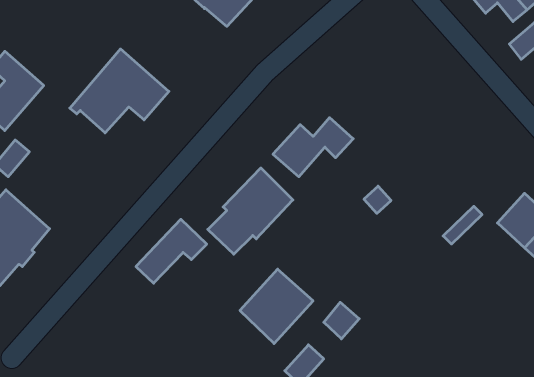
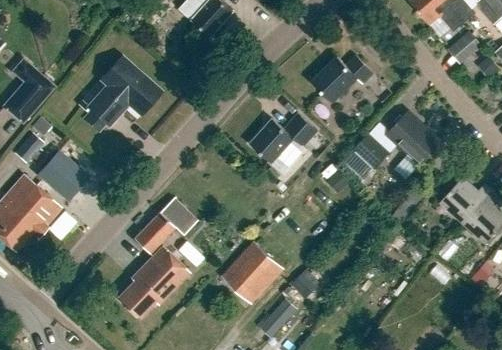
building: none -> [312,55,373,102]
building: none -> [353,111,442,169]
building: none -> [38,146,91,200]
building: [208,168,293,254] -> [117,245,189,318]

